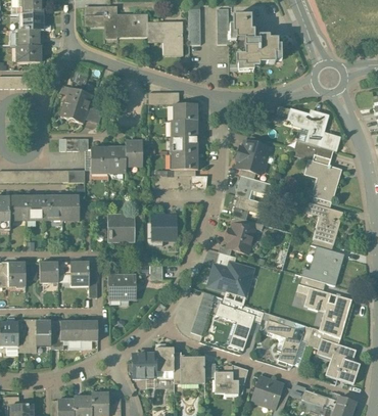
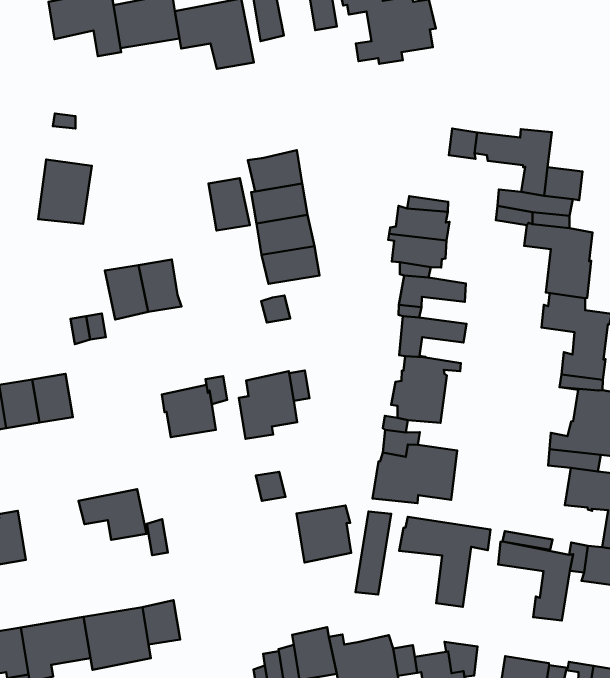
building: [125,141,142,166] -> [209,178,250,231]
building: [61,195,79,220] -> none
building: [40,262,58,282] -> none
building: [109,274,136,299] -> [296,505,351,563]

